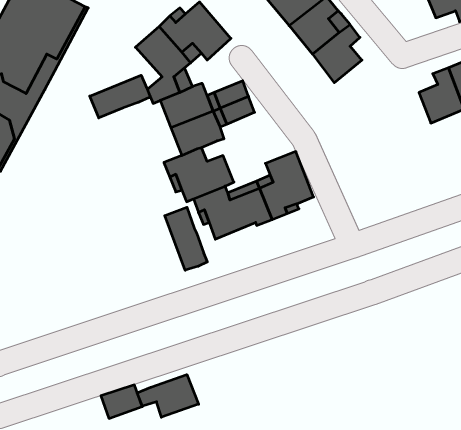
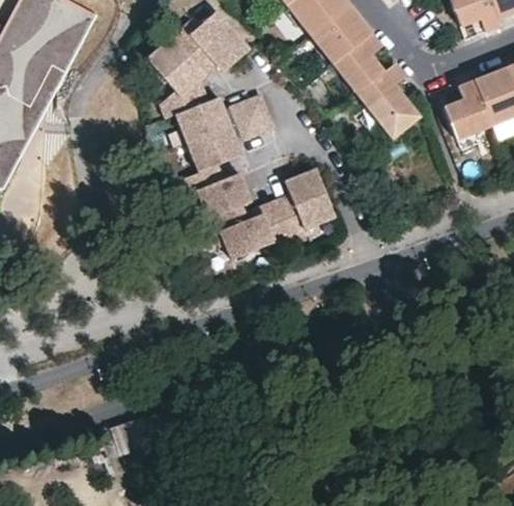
building: none -> [356,62,423,141]
building: [90,75,150,118] -> none
building: [165,207,207,270] -> none
building: [137,375,199,417] -> none

